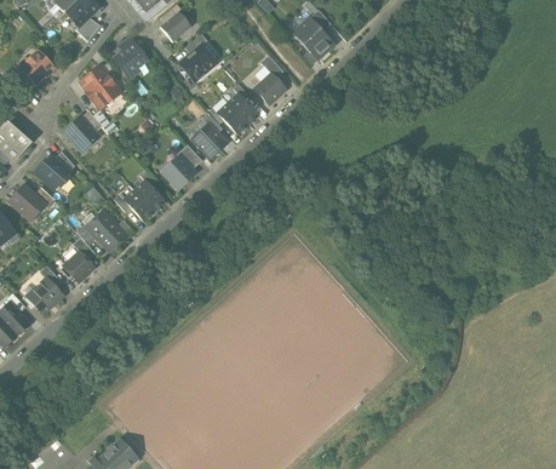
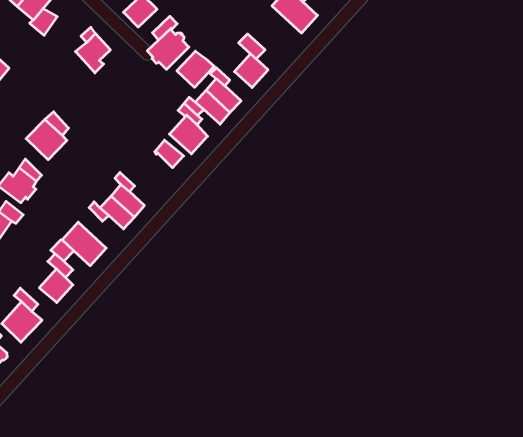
building: [81,67,117,107] -> none
building: none -> [177,51,214,87]
building: [161,155,195,189] -> none

